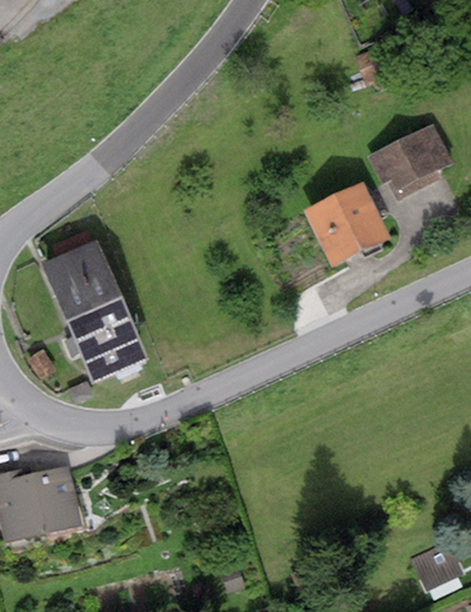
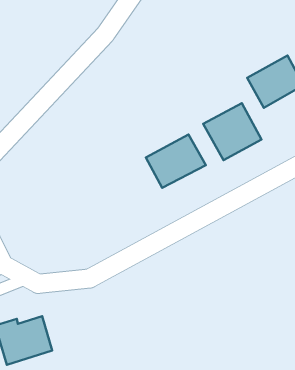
building: none -> [146,134,206,188]
building: [43,241,140,375] -> none

